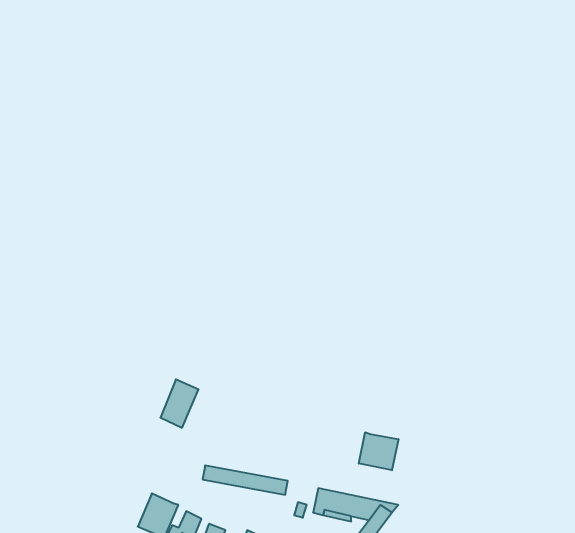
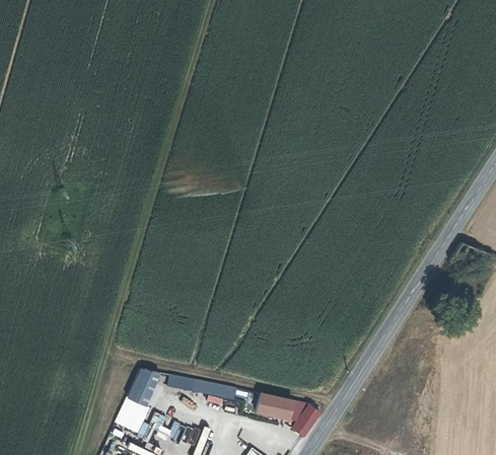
building: [160,379,199,428] -> [128,367,158,405]
building: [359,432,398,470] -> none

